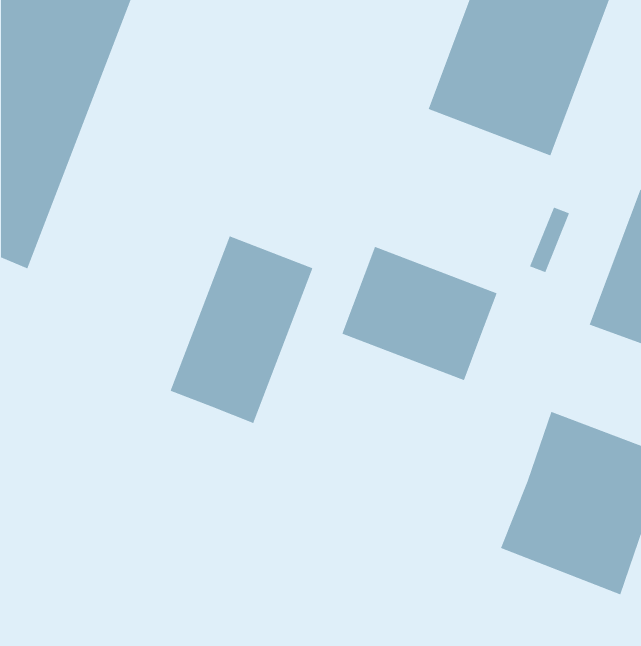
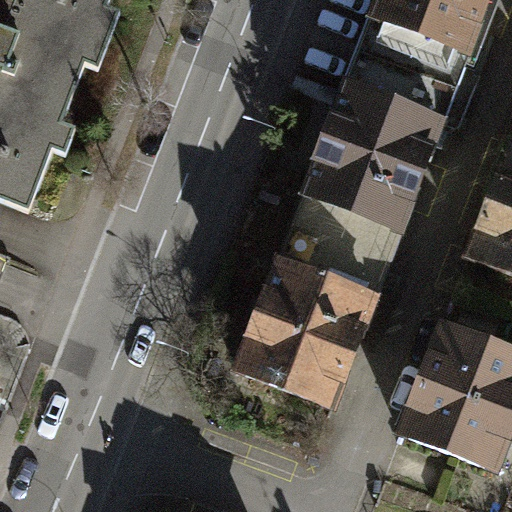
building: none -> [301,86,440,231]
building: [170,236,313,424] -> none
building: none -> [233,263,372,408]

